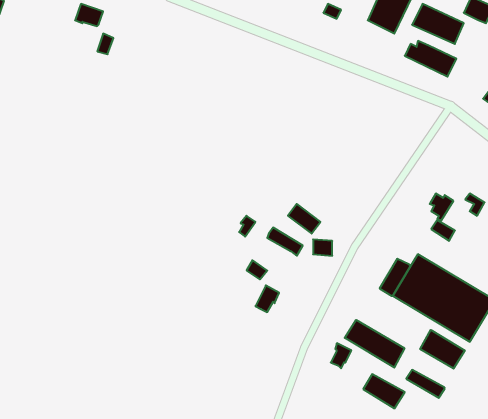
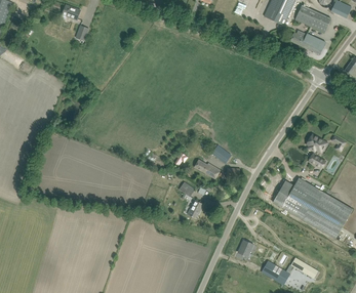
building: [345,320,404,368] -> none
building: [420,330,465,369] -> none

